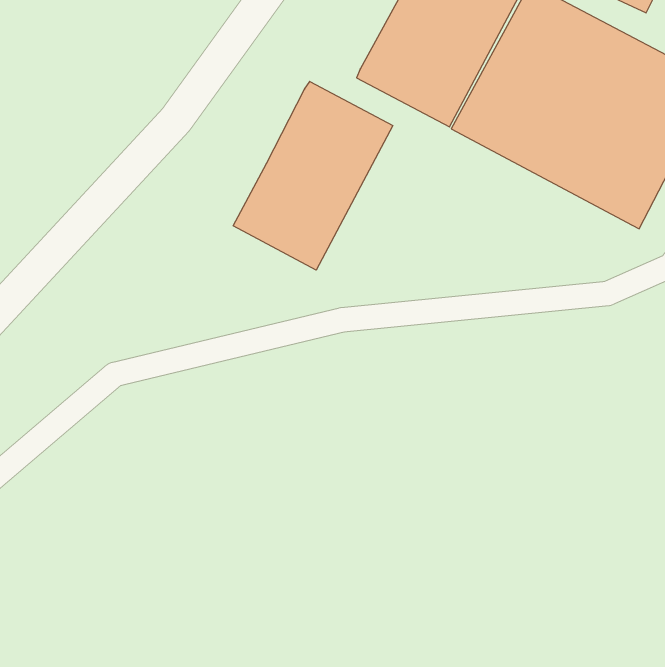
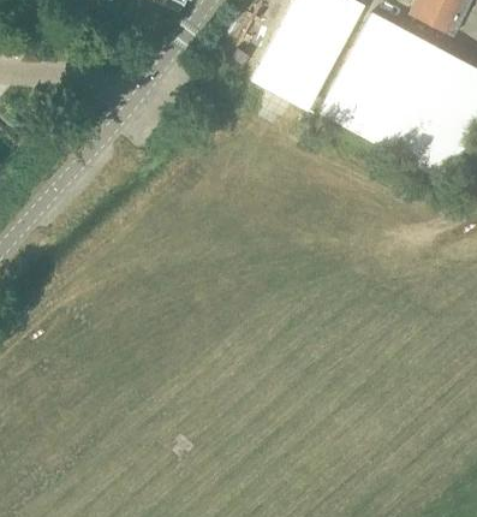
building: [233,81,393,270] -> none

